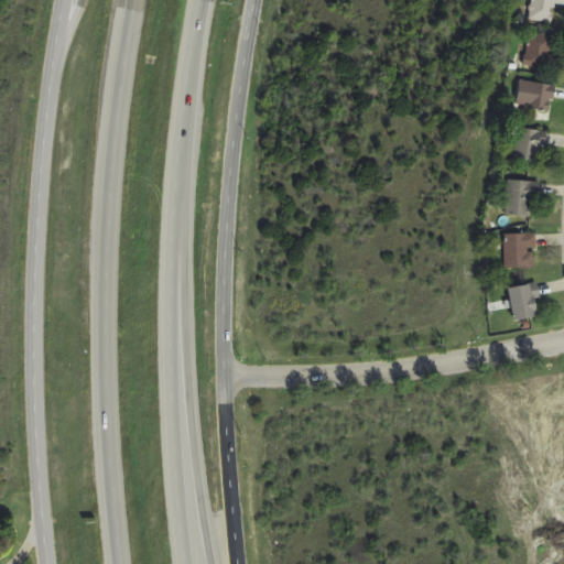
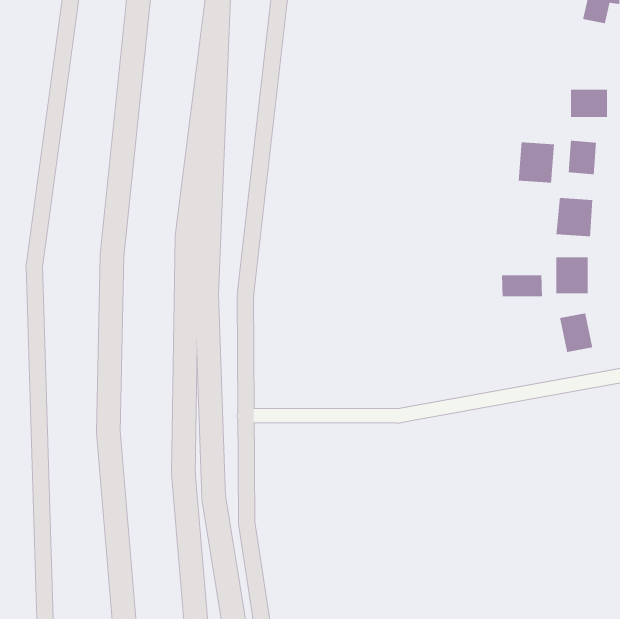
building: [527,34,551,66] -> none
building: none -> [518,141,555,184]
building: none -> [501,275,543,297]

